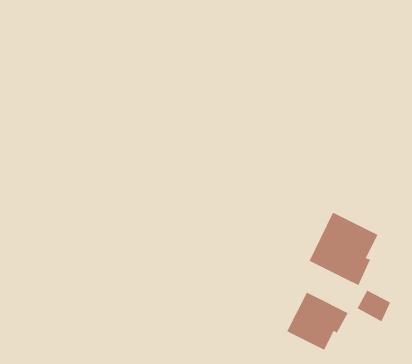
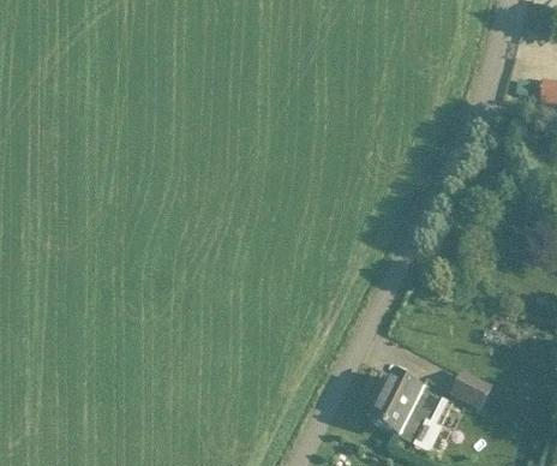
building: [308,212,379,286] -> none

